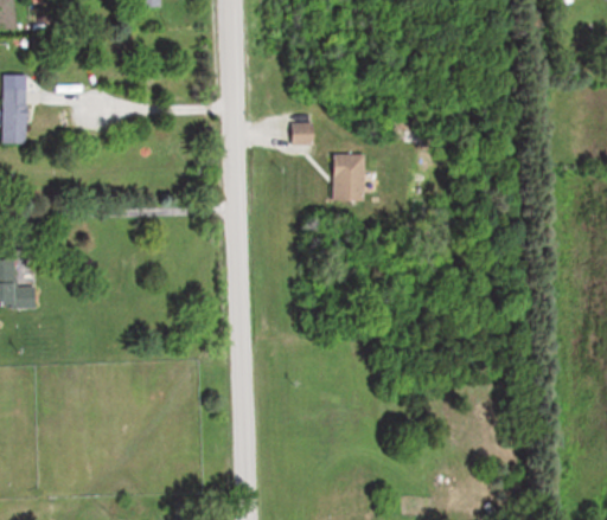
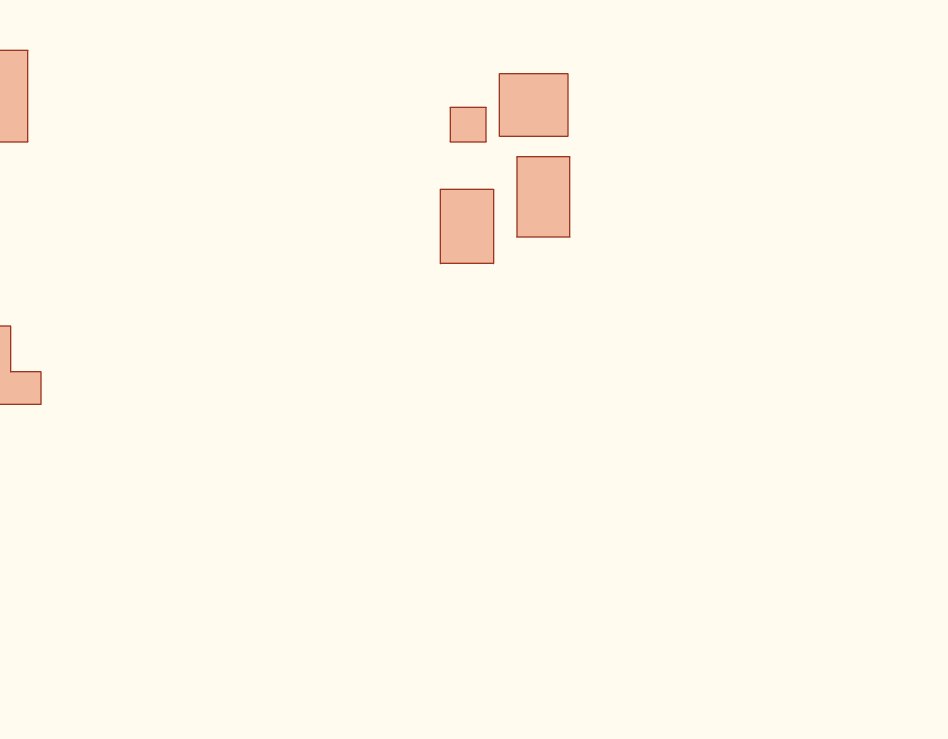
building: none -> [500,74,568,136]
building: none -> [440,189,493,264]

